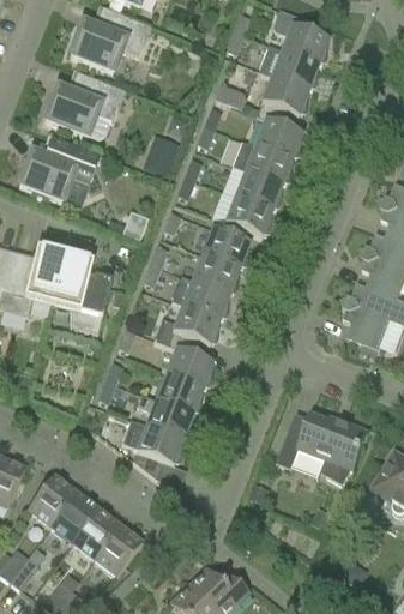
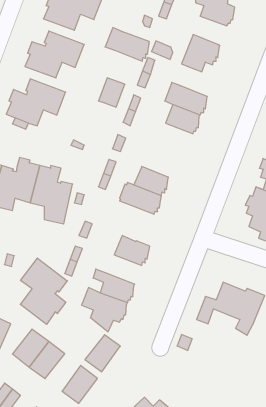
building: [258,44,318,90] -> [105,28,149,61]
building: [255,119,302,159] -> none
building: [225,195,272,236] -> none
building: [203,228,249,269] -> none
building: [153,305,219,356] -> none
building: [156,374,203,414] -> none
building: none -> [20,258,67,324]
building: [72,508,120,559] -> [85,335,120,372]

